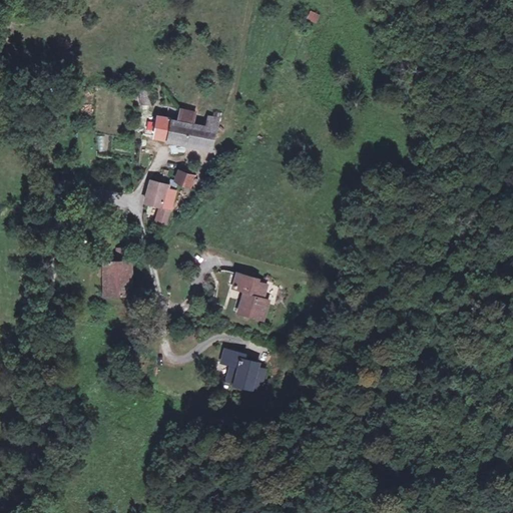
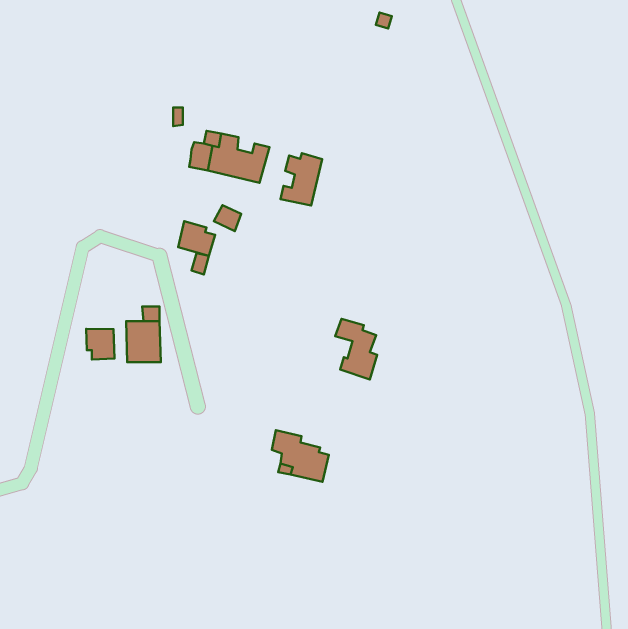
building: none -> [280,153,322,205]
building: none -> [86,329,114,360]
building: [234,270,269,319] -> [335,319,377,379]

